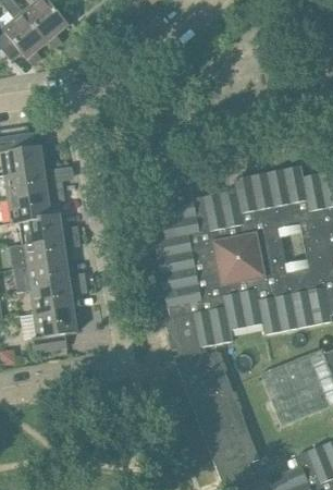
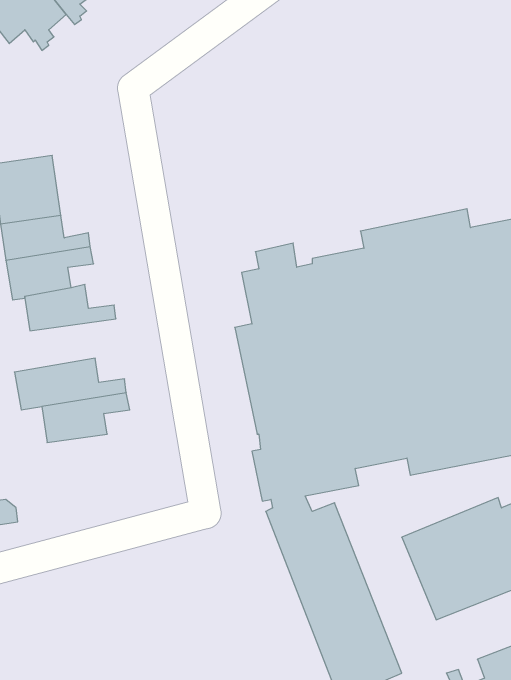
building: [11,235,81,269] -> none
building: [33,308,77,352] -> none

